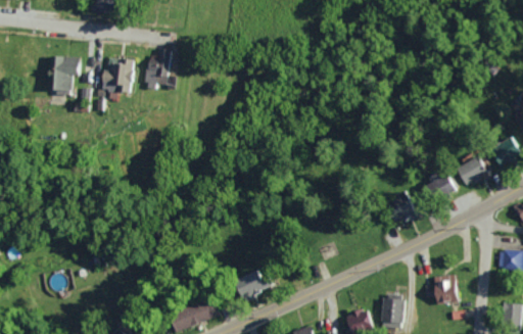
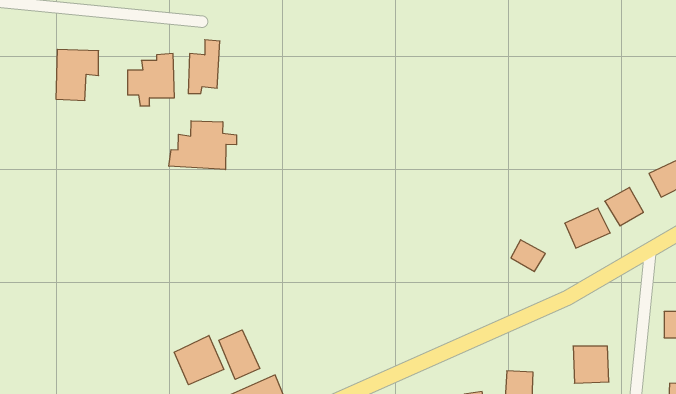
building: none -> [169,121,237,170]
building: none -> [219,330,260,379]
building: none -> [174,335,224,385]
building: [232,269,267,300] -> none

